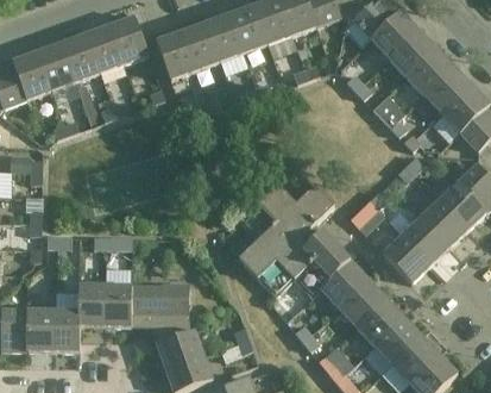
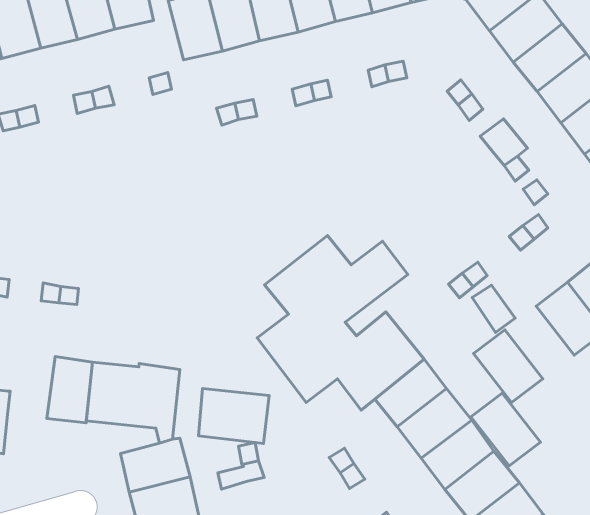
building: [401,217,448,264] -> [471,393,540,466]
building: [77,283,106,325] -> none
building: none -> [199,388,269,443]

